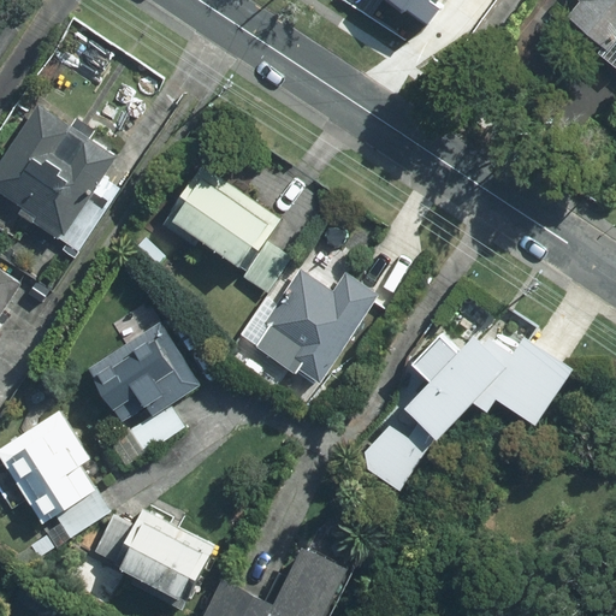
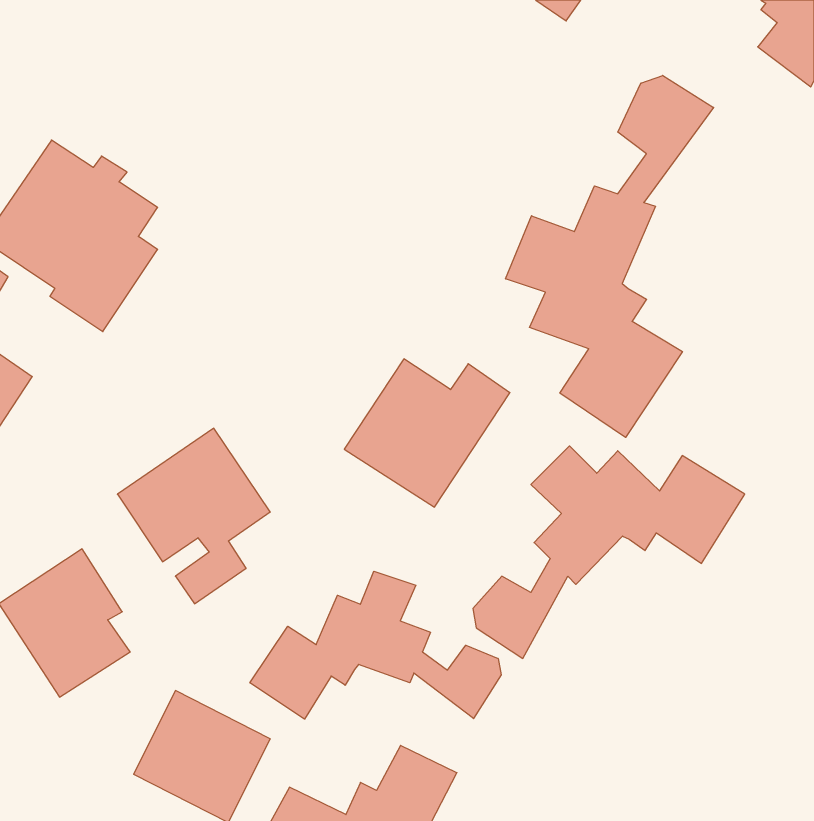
building: none -> [506,75,714,437]
building: [162,166,290,290] -> none
building: none -> [250,571,501,719]

